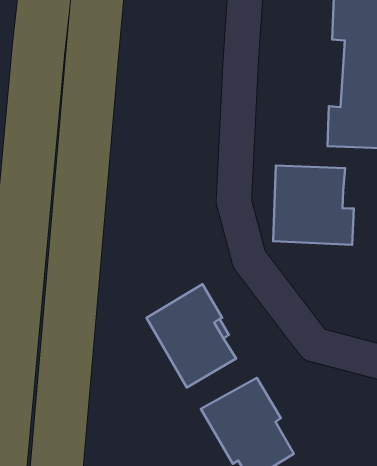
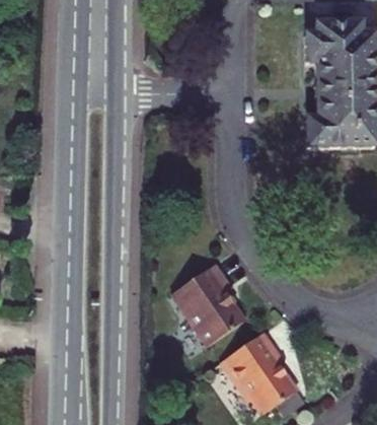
building: [273,165,354,245] -> none

